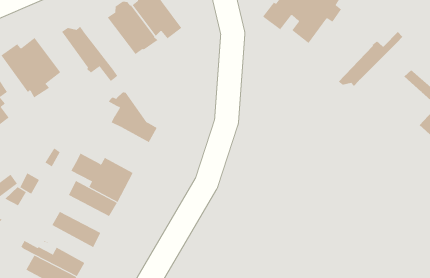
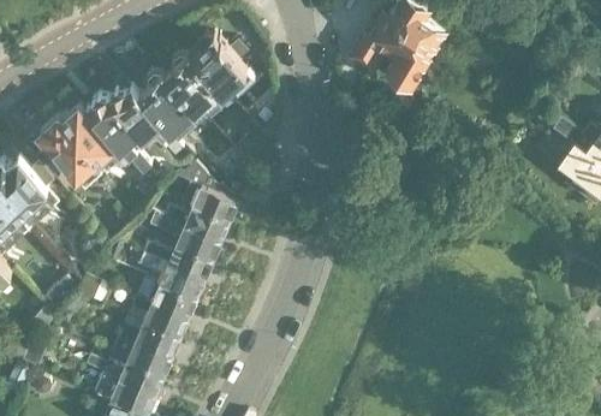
building: none -> [136,75,200,139]
building: none -> [84,100,150,174]
building: [338,31,403,87] -> none
building: none -> [147,209,227,263]
building: none -> [126,298,188,340]
building: none -> [111,337,172,379]

